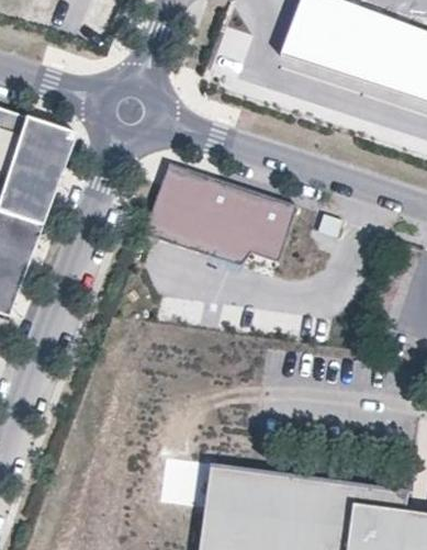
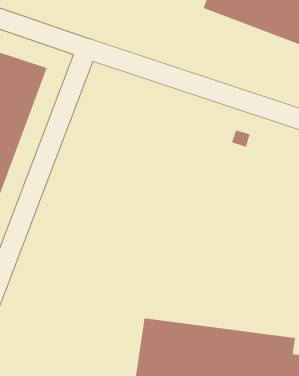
building: [143,164,297,268] -> none

